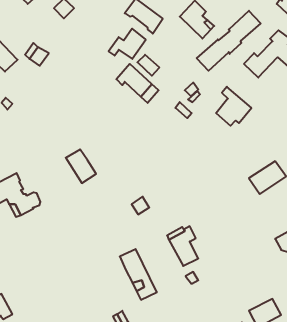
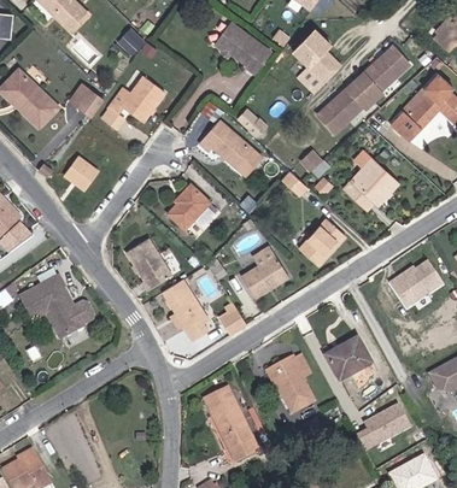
building: [109,29,146,59] -> [110,78,163,122]
building: none -> [64,160,98,193]
building: none -> [169,184,213,228]
building: none -> [301,218,342,261]
building: none -> [244,255,289,298]
building: none -> [170,289,211,340]
building: none -> [328,335,370,374]
building: none -> [358,402,412,449]

